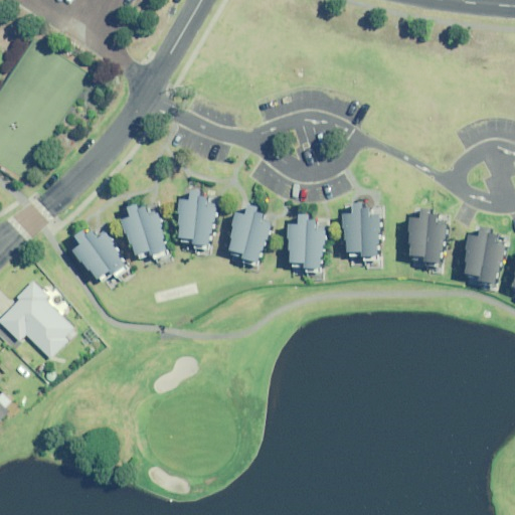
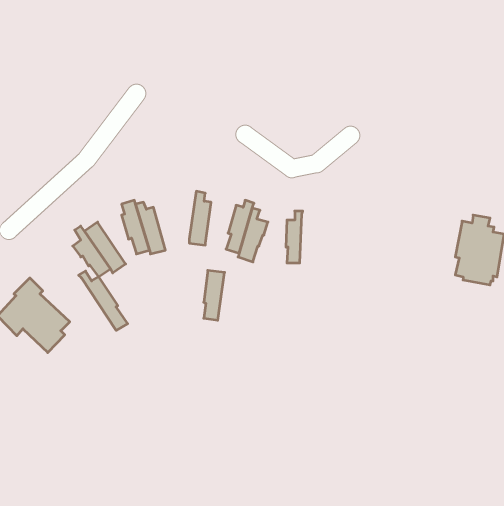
building: [177,191,198,241] -> [204,270,225,320]
building: [403,204,448,269] -> none
building: [345,205,379,259] -> none
building: [303,216,324,268] -> none
building: none -> [79,271,128,330]

